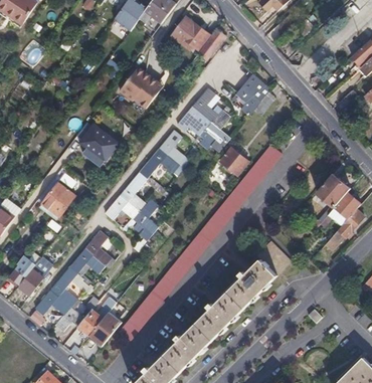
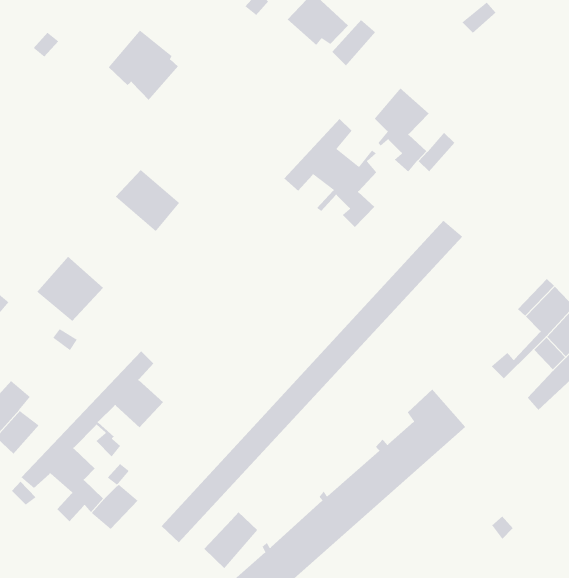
building: [120,66,161,108] -> [108,30,179,101]
building: [105,130,185,251] -> none
building: [219,148,247,175] -> none
building: [88,313,120,347] -> [203,511,258,569]

